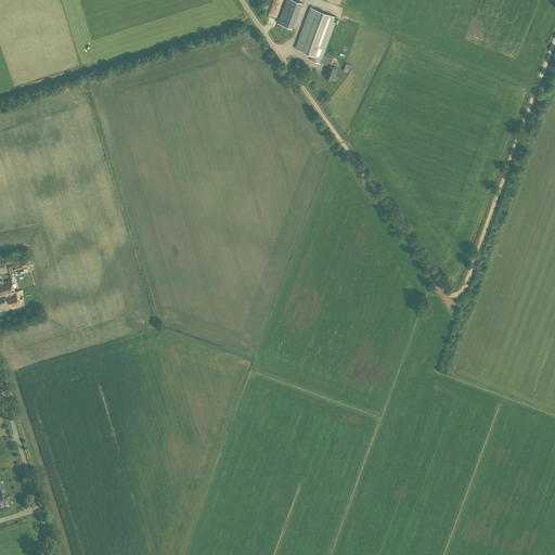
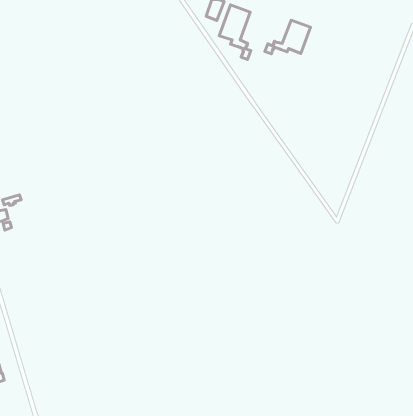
building: none -> [265,20,311,54]

